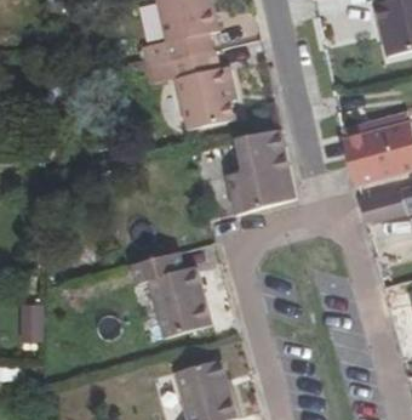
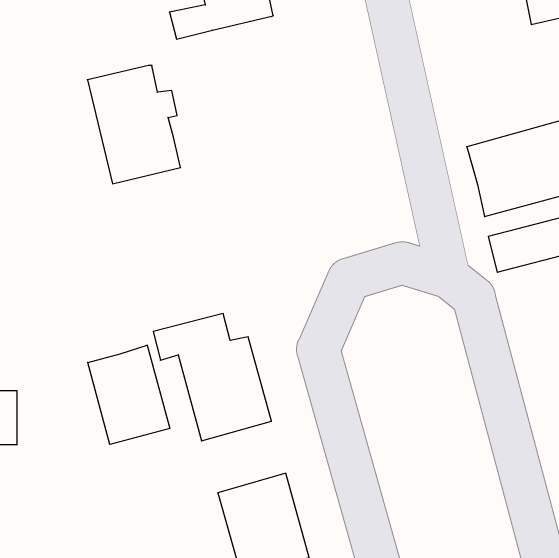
building: [171,49,234,129] -> [87,65,181,184]
building: [225,129,293,212] -> none
building: none -> [88,345,170,444]

